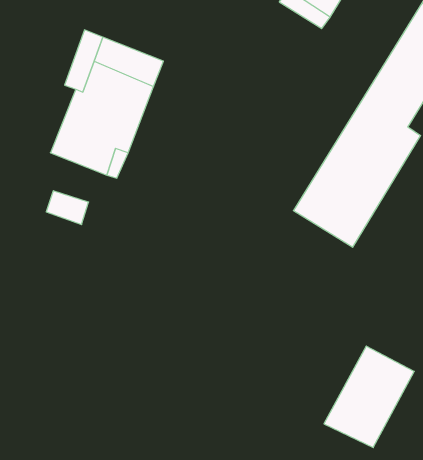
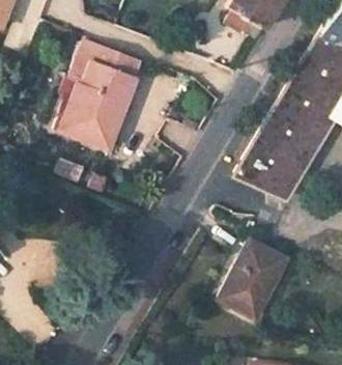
building: [324,346,414,448] -> [219,242,285,316]

